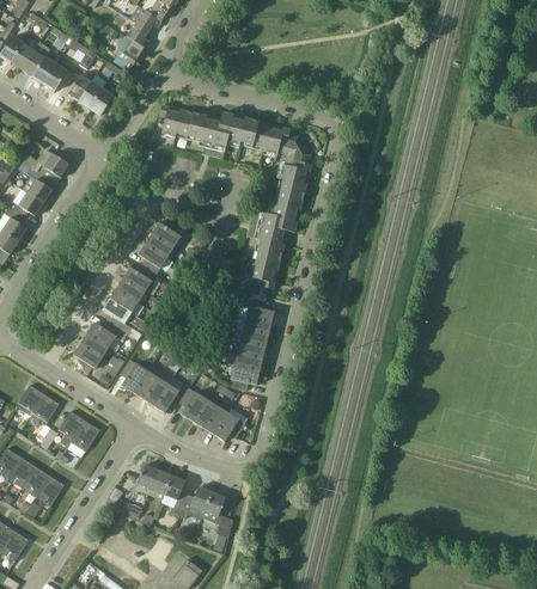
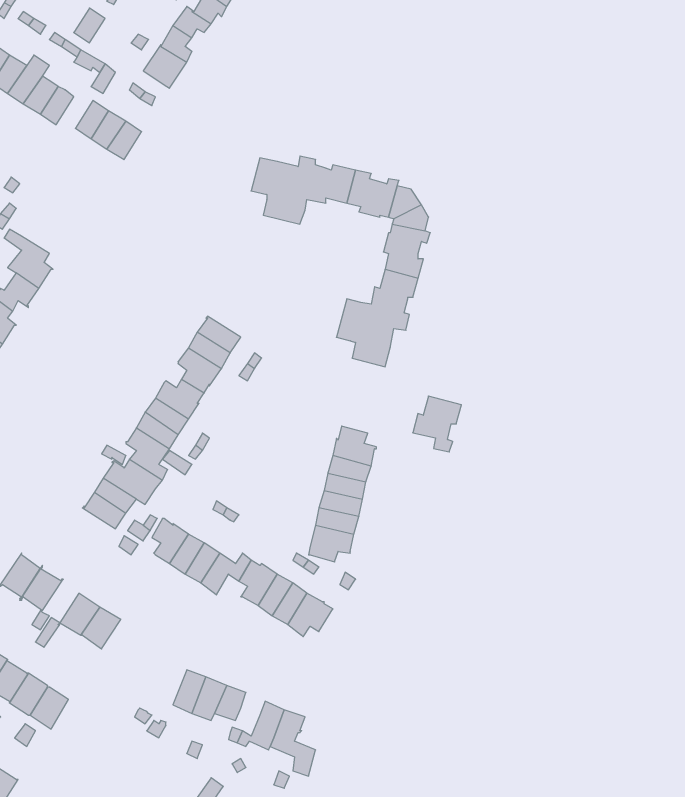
building: [159,104,195,135] -> none
building: [23,148,69,178] -> none
building: [248,250,281,288] -> [413,396,461,452]

